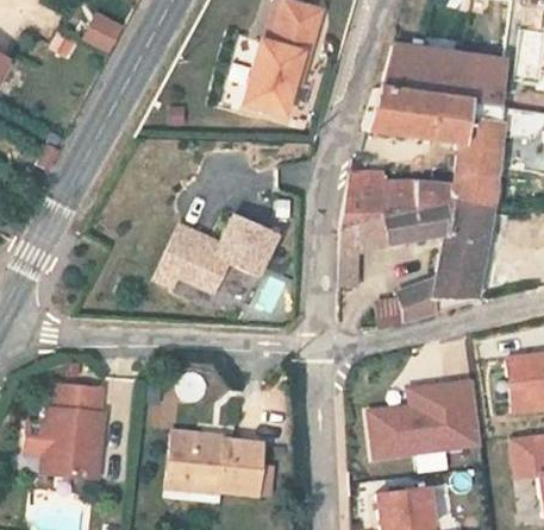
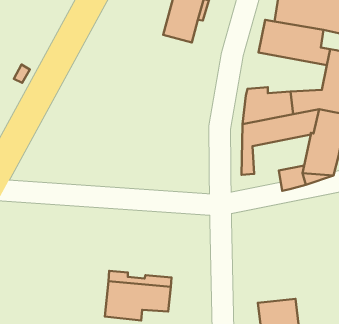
building: [142,225,268,299] -> none
building: [367,368,480,448] -> none
building: [37,383,98,477] -> none

